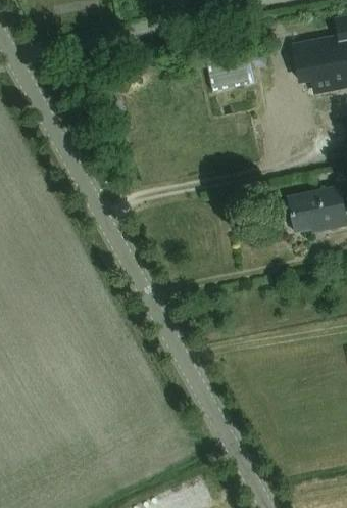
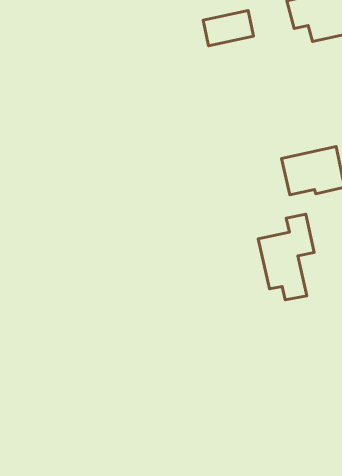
building: none -> [258,214,314,300]

